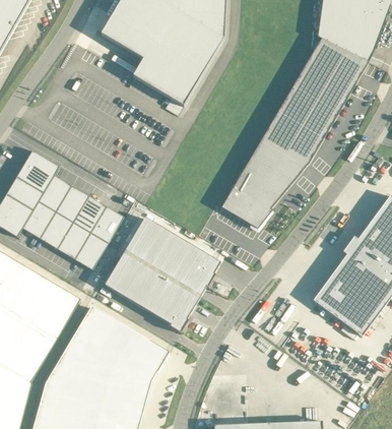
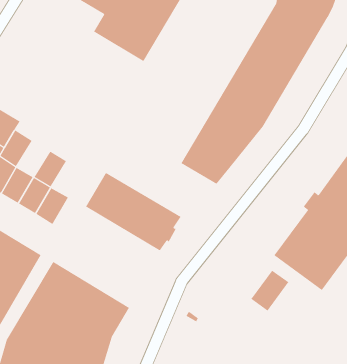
building: [55,185,88,222] -> none
building: [89,205,123,242] -> none
building: [104,251,199,331] -> none
building: none -> [250,270,289,311]

